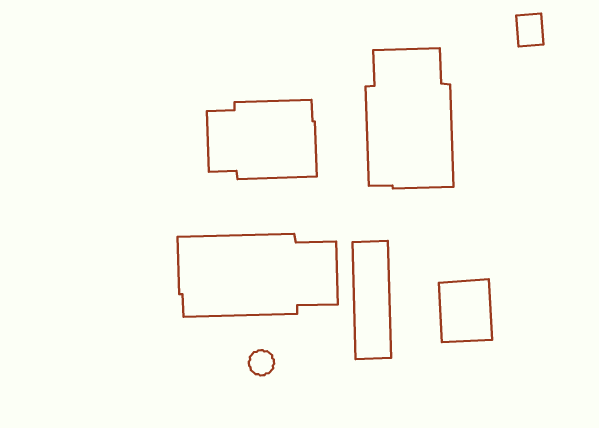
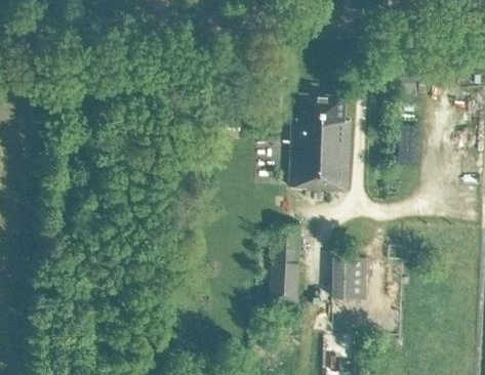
building: [207,100,317,179] -> none
building: [177,234,338,317] -> none

